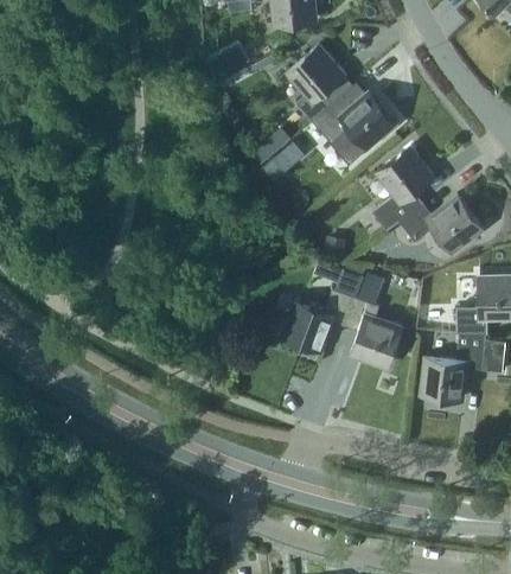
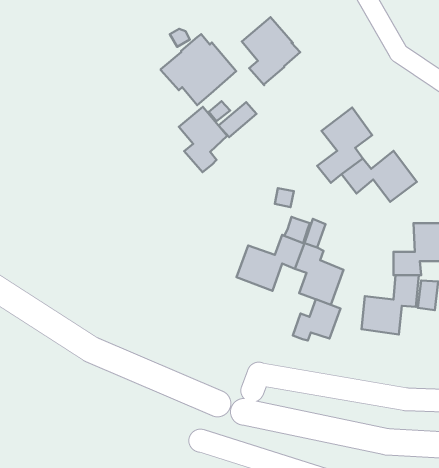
building: [312,82,396,161] -> [161,34,236,105]
building: none -> [179,107,227,172]
building: none -> [293,299,341,340]

